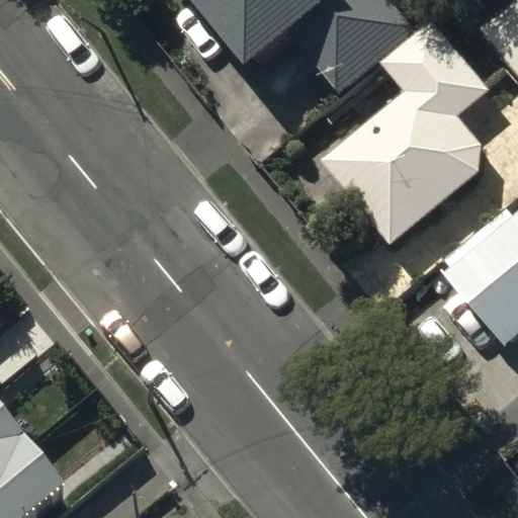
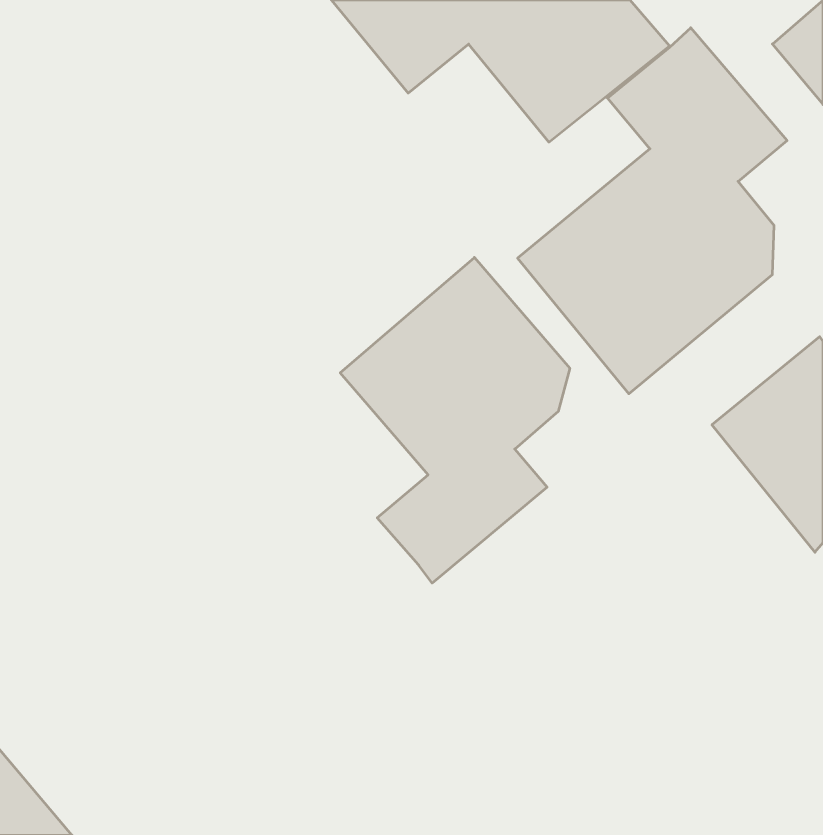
building: none -> [340,257,570,583]

